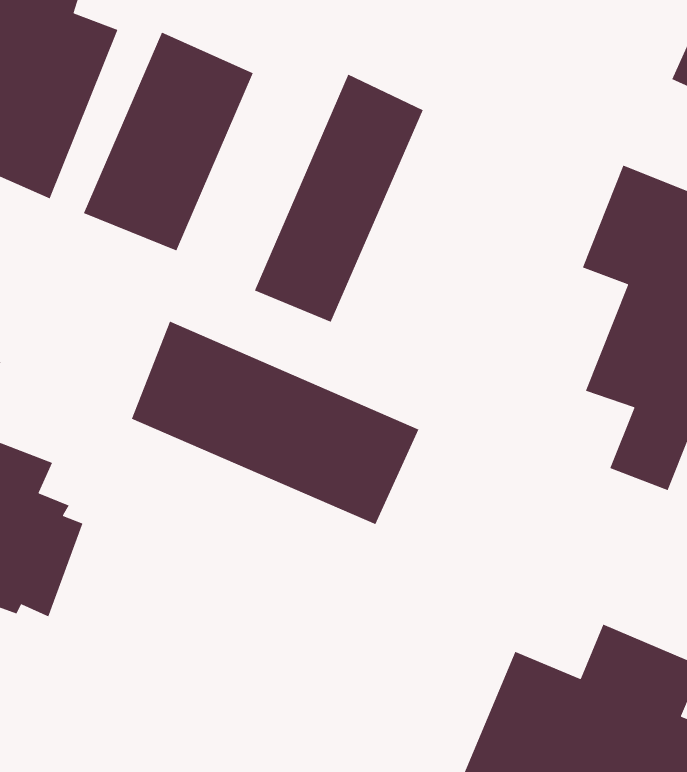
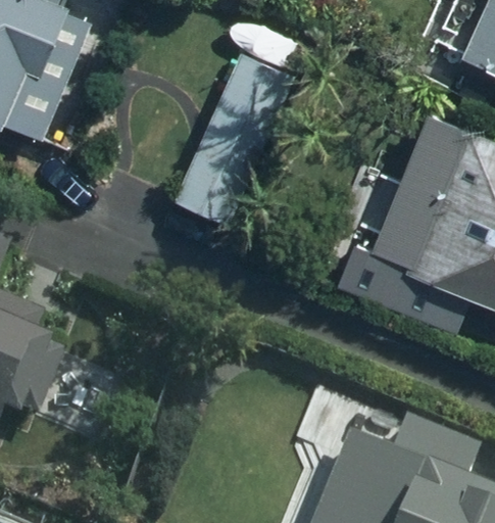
building: [83,31,254,251] -> none
building: [131,321,419,525] -> none

